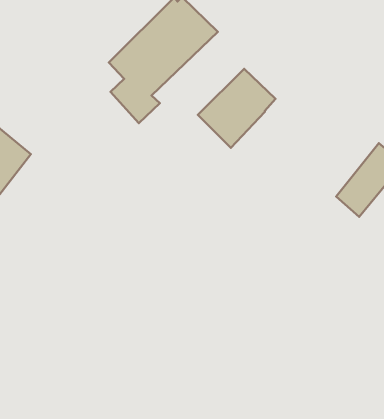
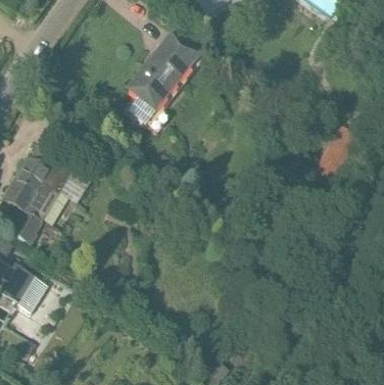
building: [198,69,275,148] -> none

